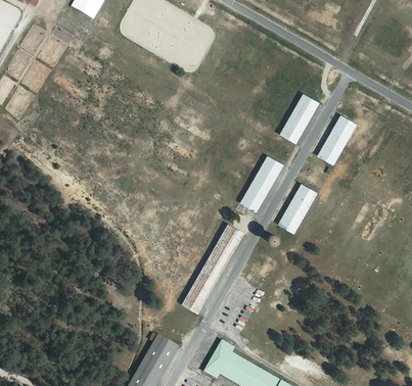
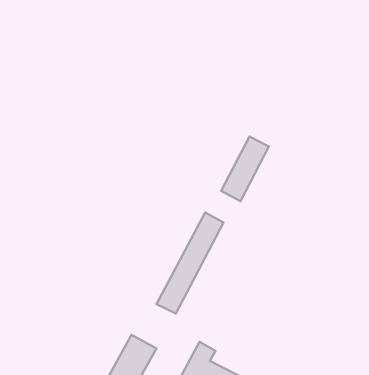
building: [279,93,318,144] -> none
building: [317,114,355,165] -> none
building: [277,183,316,234] -> none

